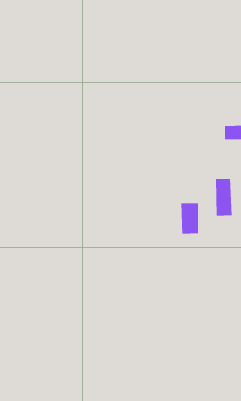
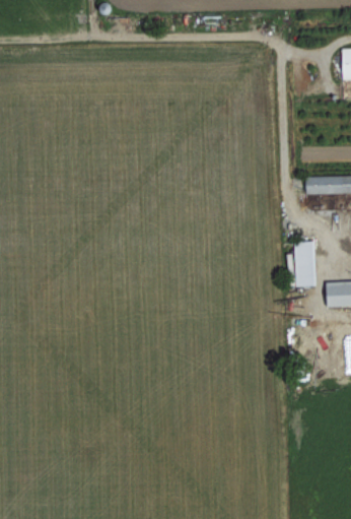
building: [181,202,199,235] -> none

